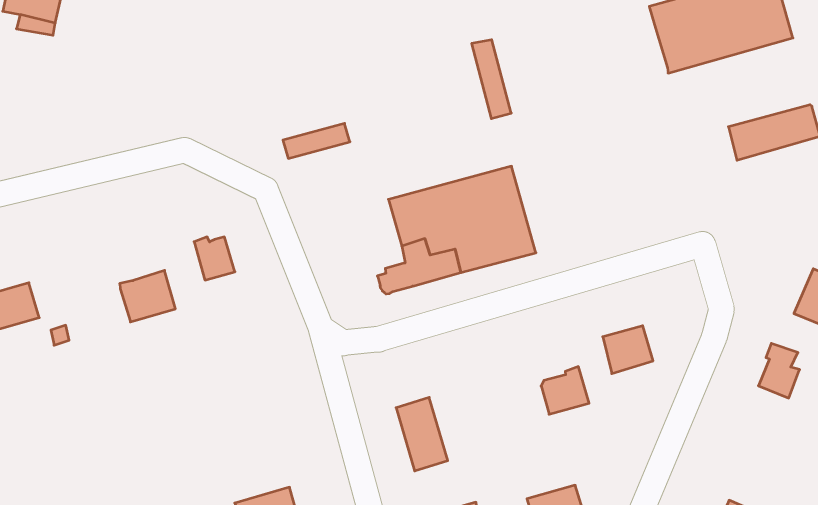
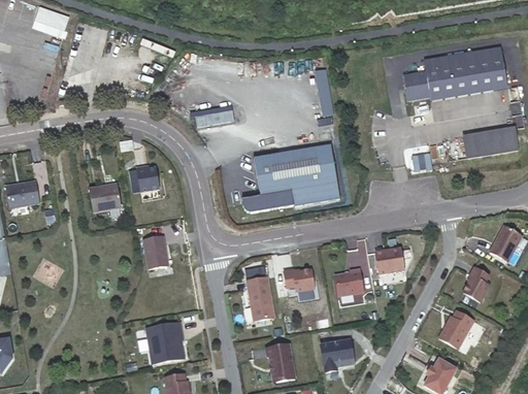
building: none -> [402,67,431,98]
building: none -> [142,237,167,269]
building: none -> [283,268,314,291]
building: none -> [441,309,477,348]

